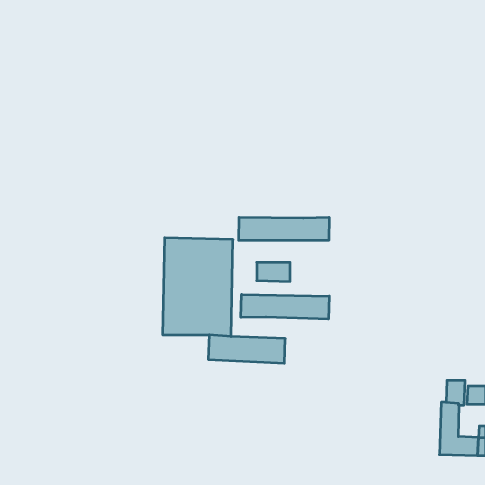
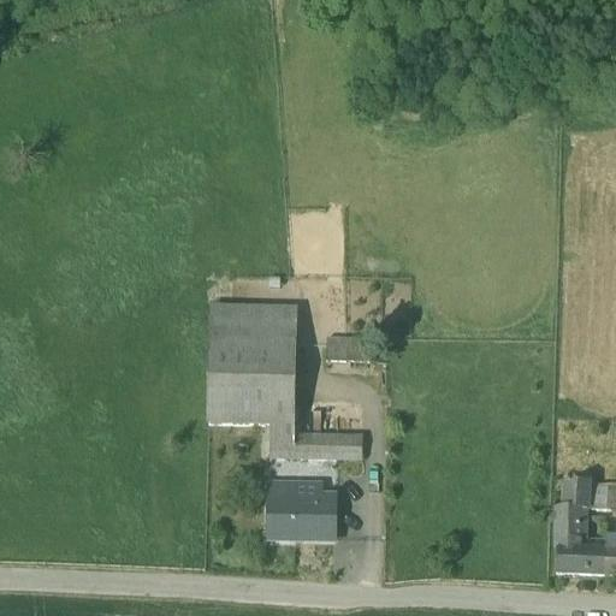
building: [239,217,329,240] -> none
building: [241,294,329,319] -> none
building: none -> [268,481,334,535]

